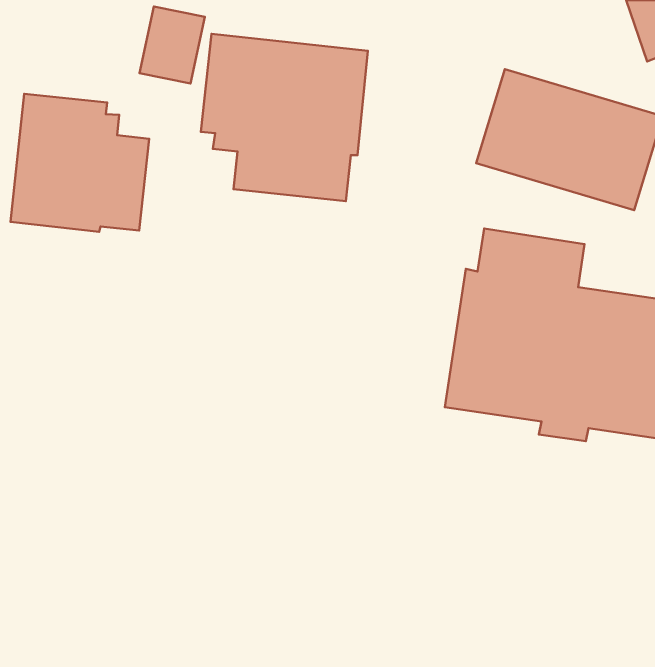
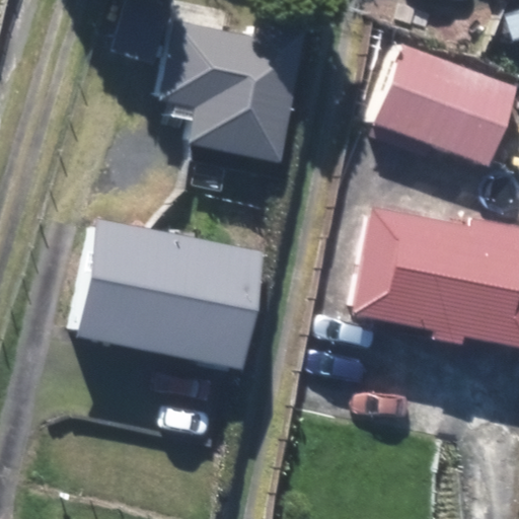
building: [11,94,149,232] -> none
building: none -> [77,223,258,365]

